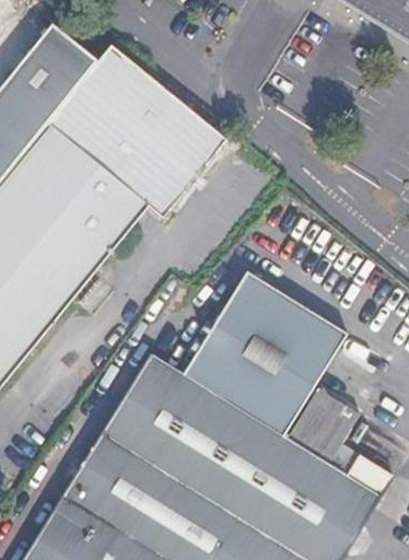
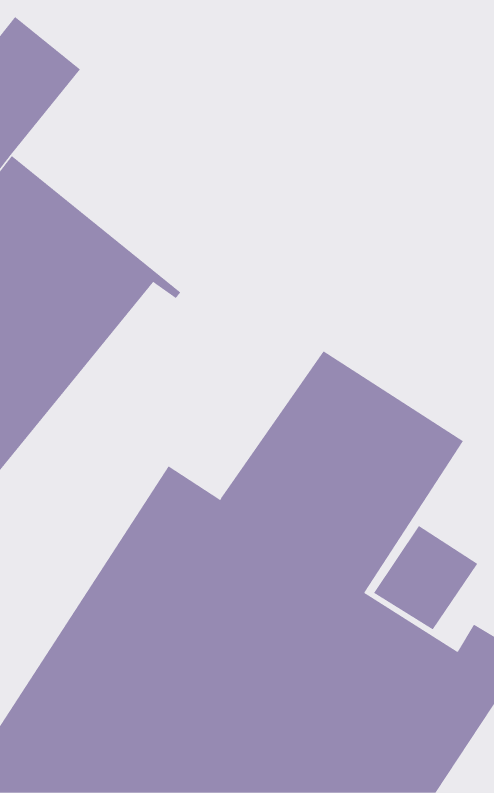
building: [47,52,222,220] -> none

